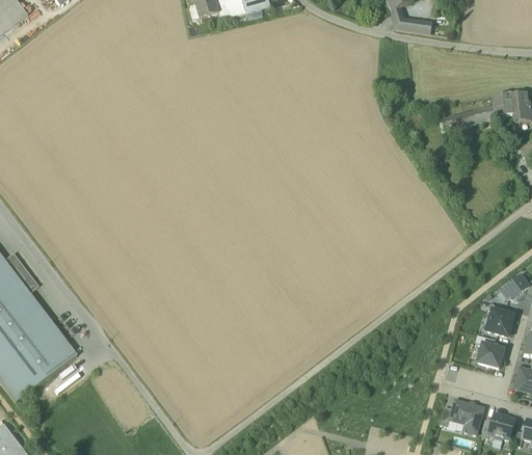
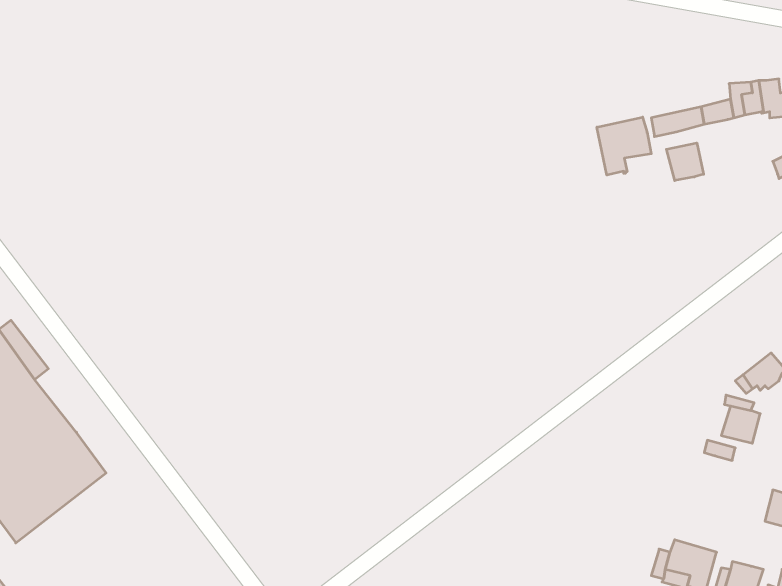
building: none -> [597,117,651,175]
building: none -> [666,143,704,181]
building: [477,343,503,367] -> none

